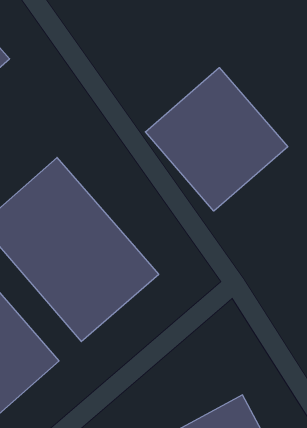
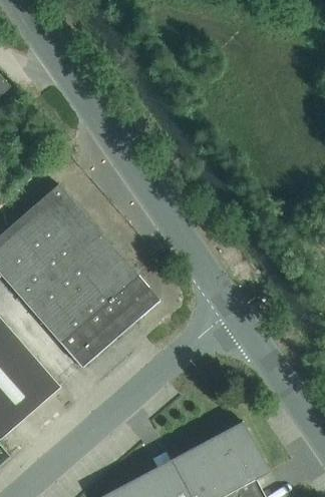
building: [145,68,288,211] -> none

